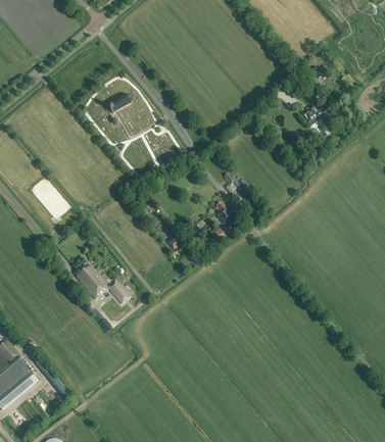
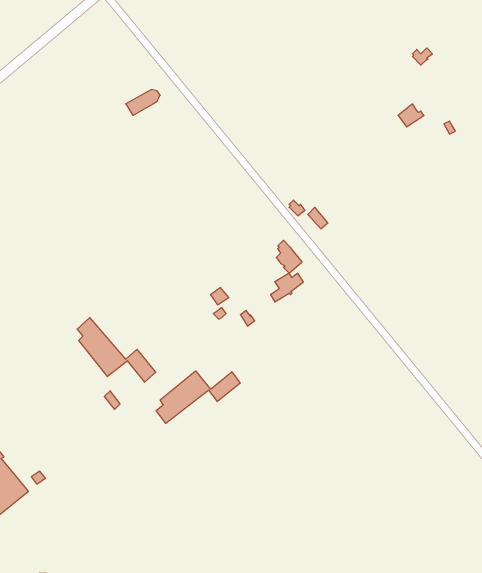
building: none -> [156,371,240,423]

